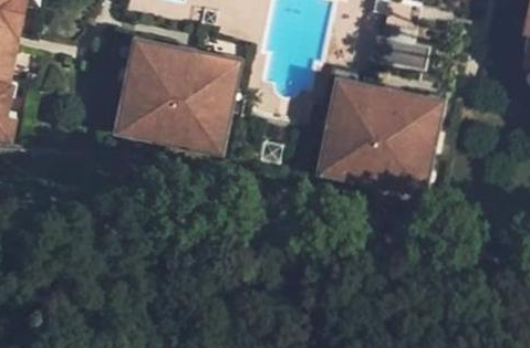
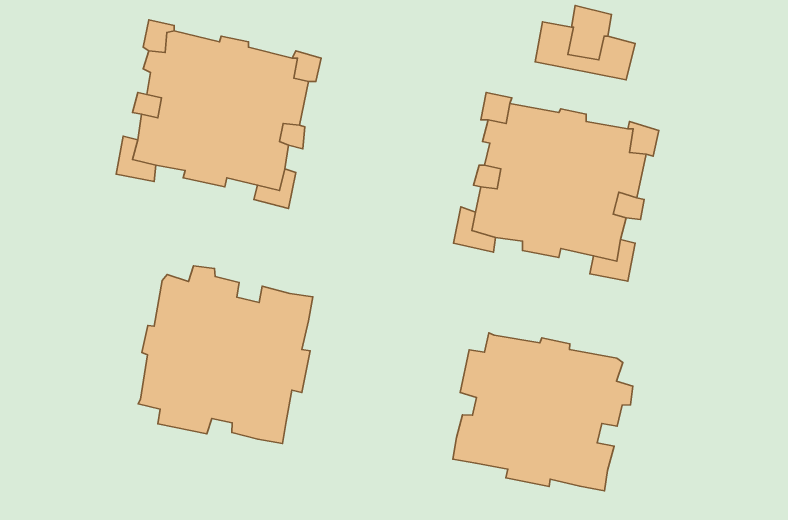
building: none -> [138,266,313,443]
building: none -> [453,333,633,491]

